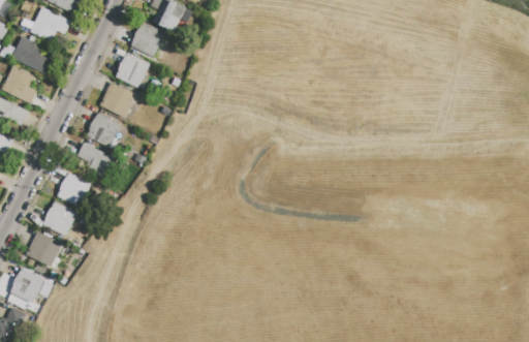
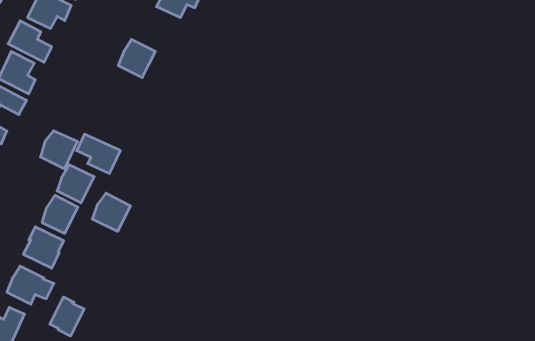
building: [130,22,165,58] -> none
building: [99,82,135,118] -> none
building: [86,113,121,149] -> [40,131,78,169]
building: none -> [92,193,130,231]
building: none -> [50,297,84,336]

